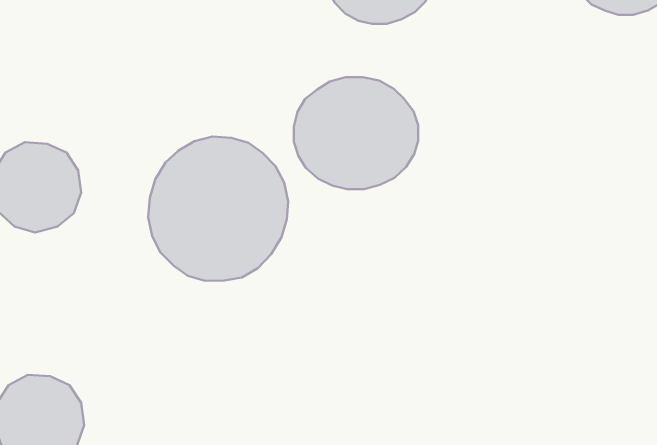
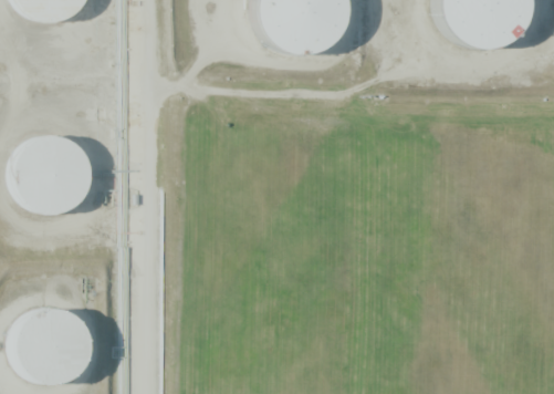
building: [294,77,418,189] -> none
building: [148,136,288,281] -> none

